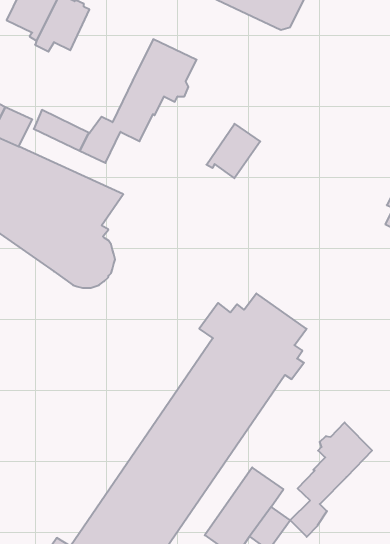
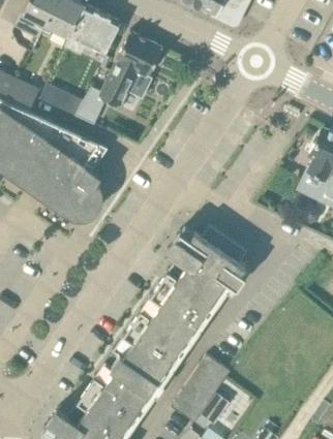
building: none -> [63,6,119,56]
building: [206,124,260,178] -> none
building: [290,422,372,537] -> none

